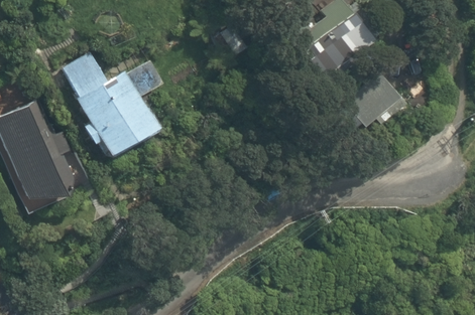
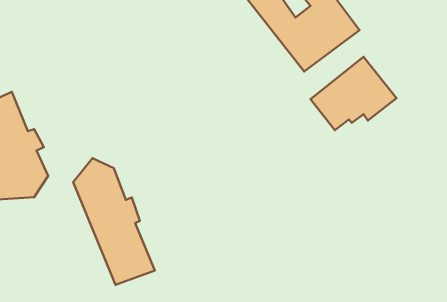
building: [63,52,162,157] -> none
building: none -> [73,158,155,285]

